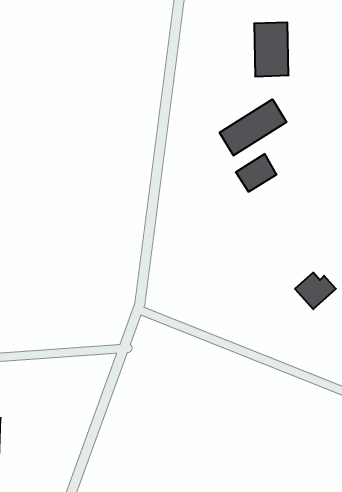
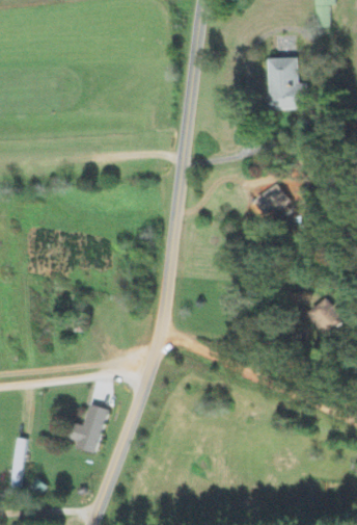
building: [220,99,286,156] -> none
building: none -> [67,403,108,452]

